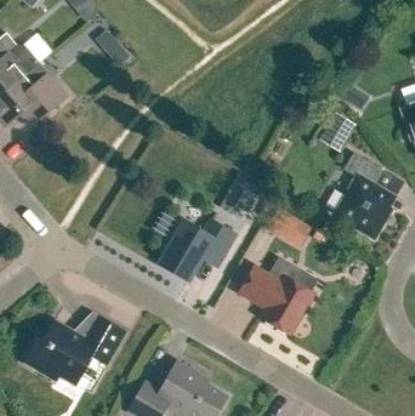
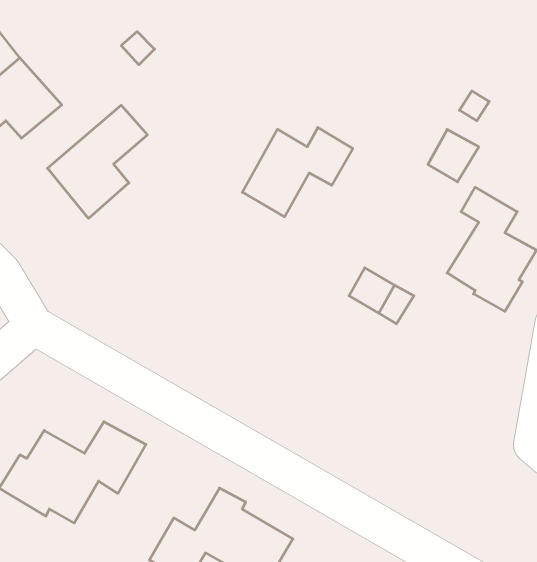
building: none -> [47,105,147,218]
building: [159,220,235,281] -> [242,127,353,217]
building: [238,256,318,335] -> none

